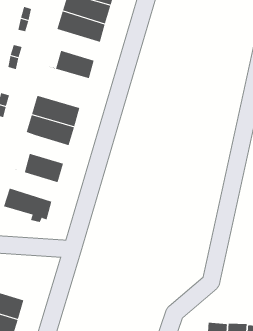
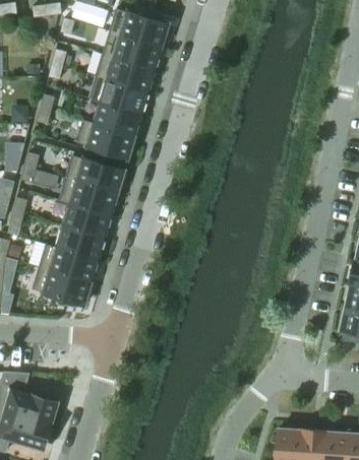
building: none -> [89,76,148,114]
building: none -> [75,121,135,158]
building: none -> [63,204,111,238]
building: none -> [39,245,98,283]

